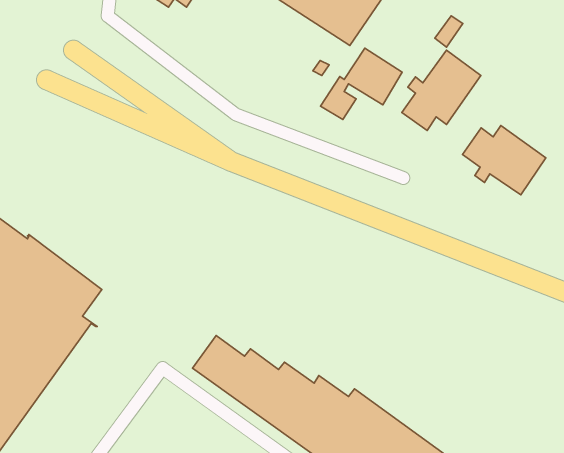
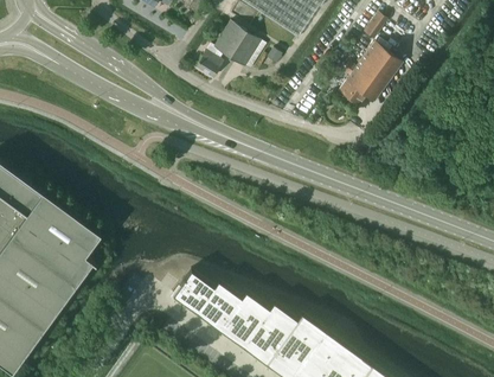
building: [320,48,402,120] -> [195,21,261,78]
building: [462,126,546,195] -> none

